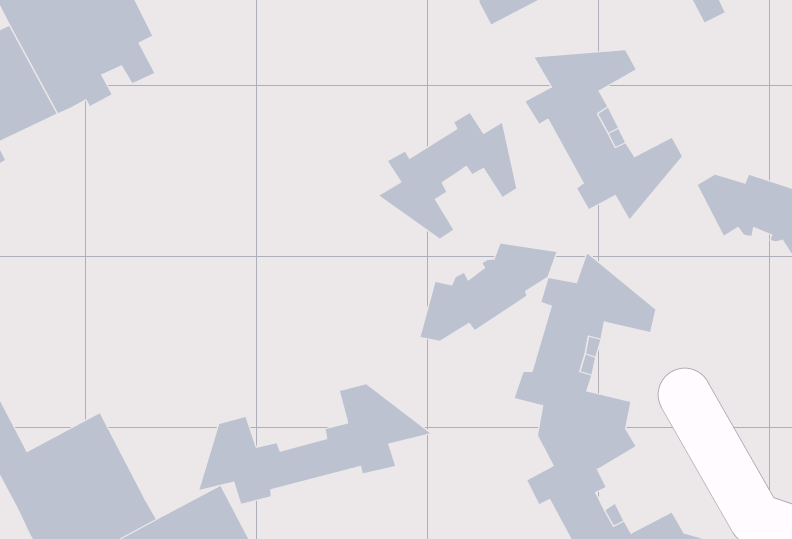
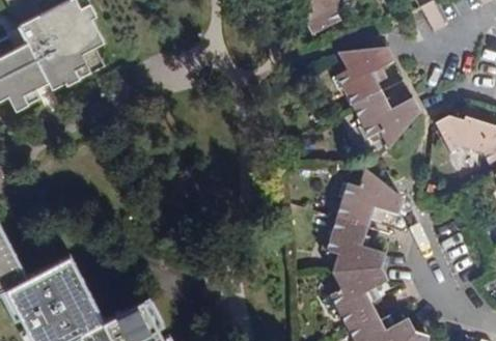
building: [378,112,517,239] -> none
building: [420,243,557,342] -> none
building: [199,383,432,504] -> none

